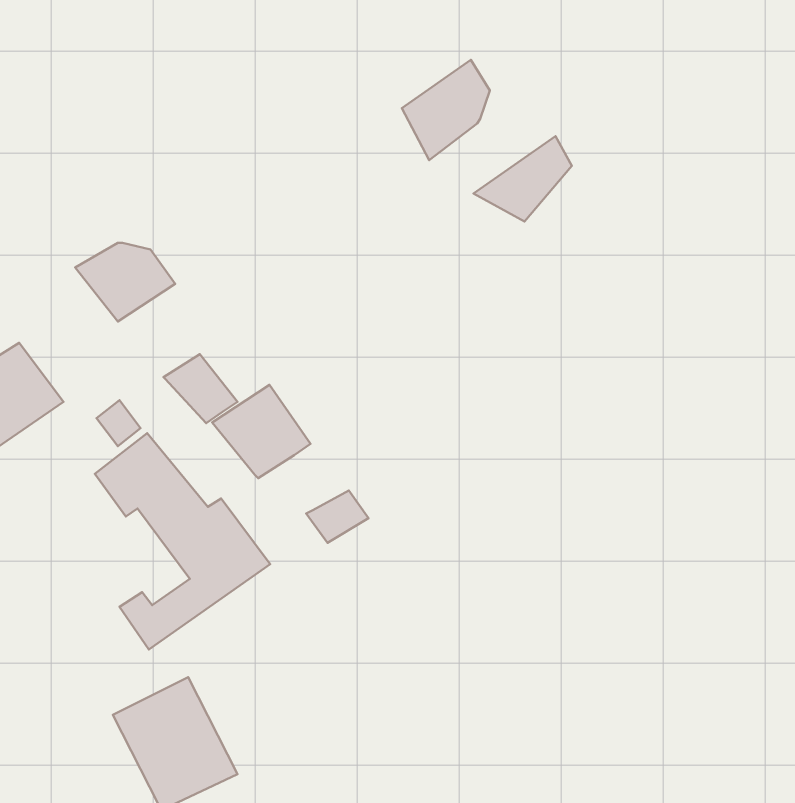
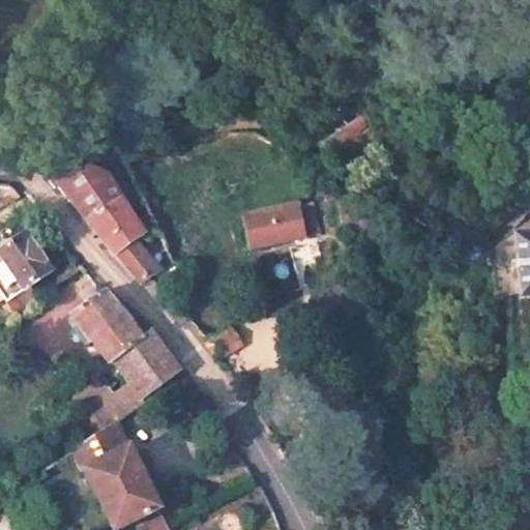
building: [402,60,490,160] -> none
building: none -> [246,200,323,246]
building: [212,385,311,478] -> [86,195,148,254]
building: none -> [73,416,130,467]

